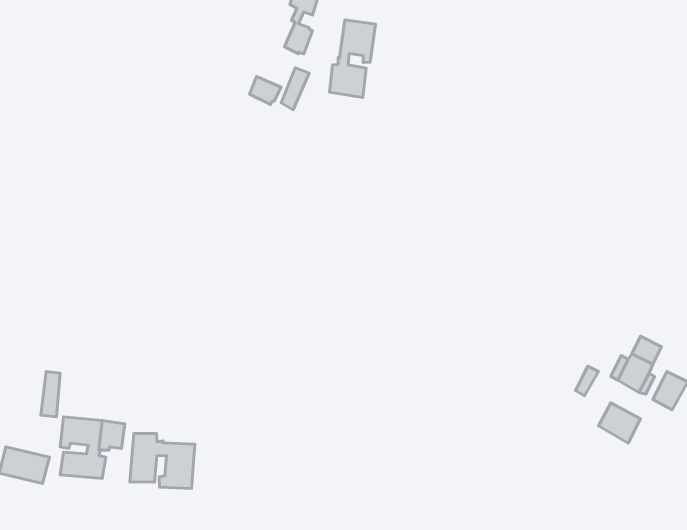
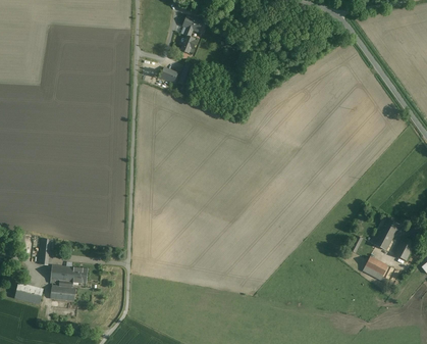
building: [329,20,375,97] -> none
building: [130,433,195,489] -> none

